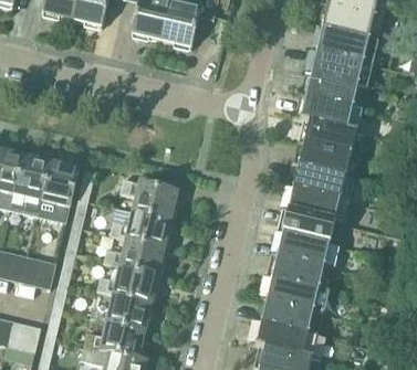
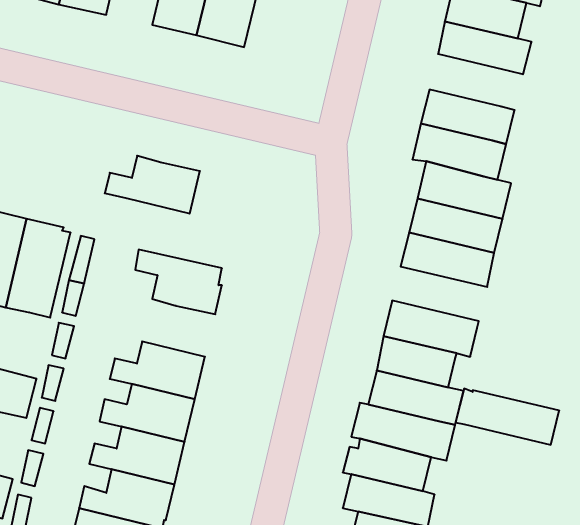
building: [305,51,372,88] -> none
building: [281,189,348,225] -> [456,389,559,445]
building: [110,211,171,249] -> [105,156,200,214]

